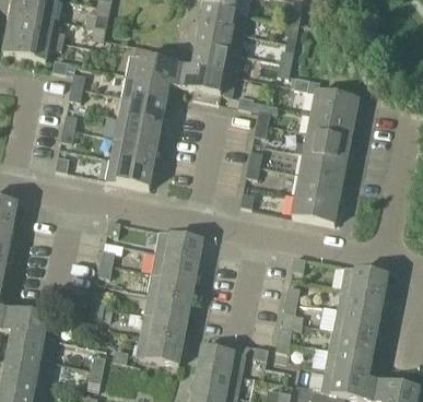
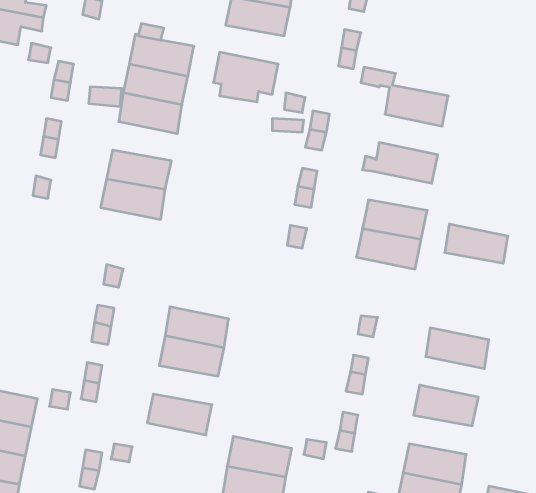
building: [191,46,238,74] -> none
building: [307,110,353,140] -> none
building: [114,116,161,144] -> none
building: [299,152,345,180] -> [445,224,508,263]
building: [155,229,202,259] -> none
building: [337,286,384,316] -> none
building: [143,293,190,321] -> none
building: [329,329,375,357] -> none
building: [136,334,181,364] -> none

